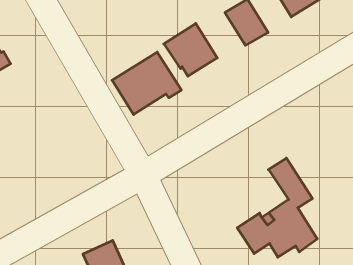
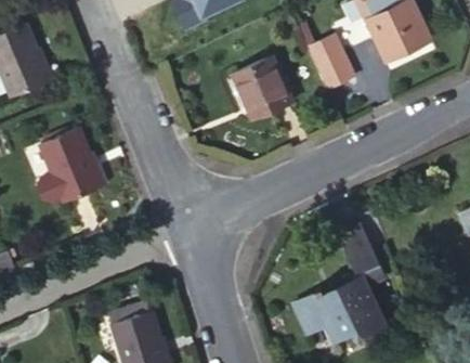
building: [112,52,181,115] -> none
building: none -> [36,129,105,202]

